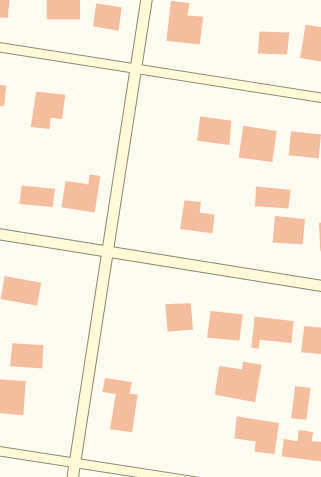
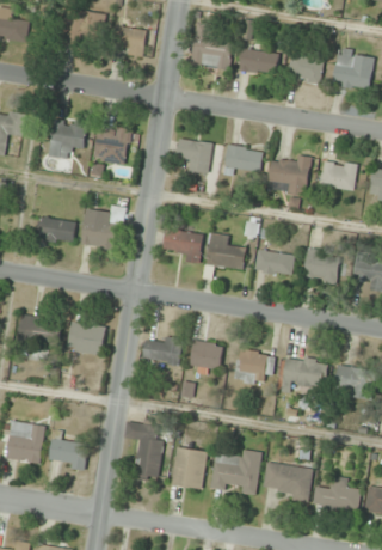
building: none -> [238,47,277,75]
building: none -> [93,126,133,164]
building: none -> [177,140,211,172]
building: [254,186,291,209] -> [254,250,294,274]
building: none -> [160,227,203,262]
building: none -> [67,322,106,355]
building: none -> [143,335,181,363]
building: [9,343,44,369] -> [49,440,86,468]
building: [214,361,263,403] -> [210,450,261,494]
building: [290,385,311,421] -> none
building: none -> [170,446,205,489]

